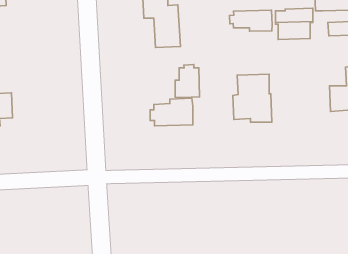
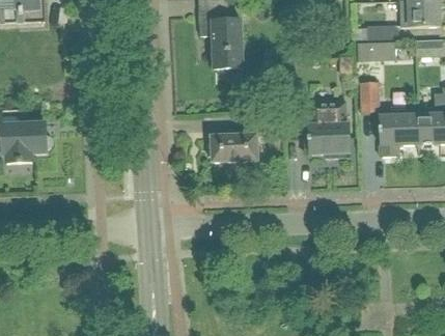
building: [229,10,272,31] -> none
building: none -> [360,81,380,112]
building: [175,65,199,98] -> none
building: none -> [379,106,419,158]

